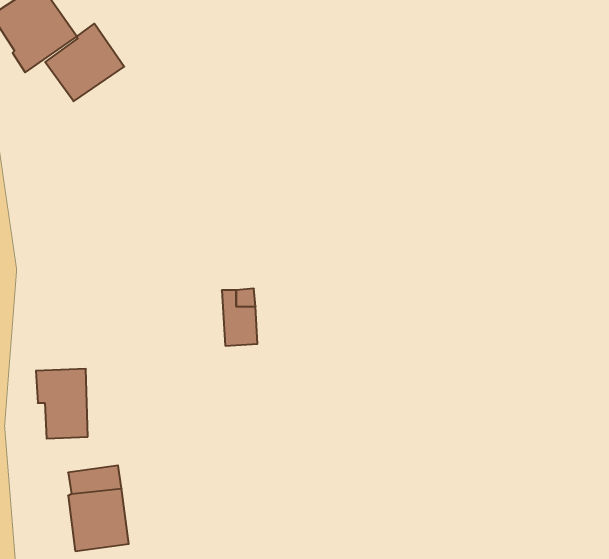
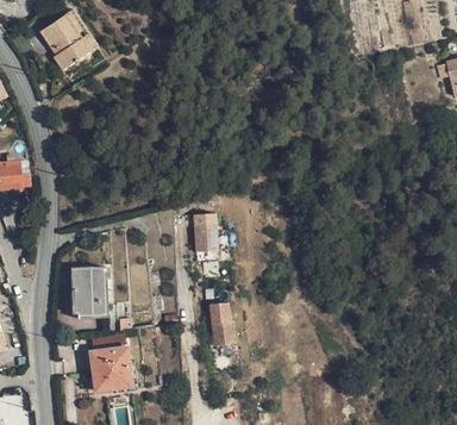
building: [45,24,124,101] -> none
building: none -> [209,304,237,348]

